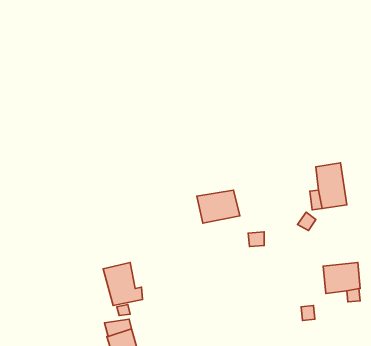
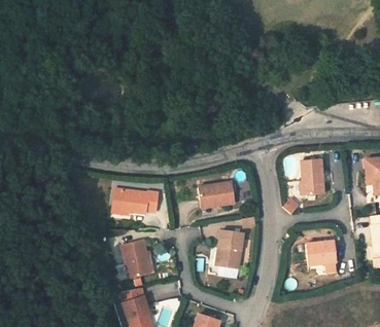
building: none -> [112,187,157,212]
building: none -> [217,231,242,266]

